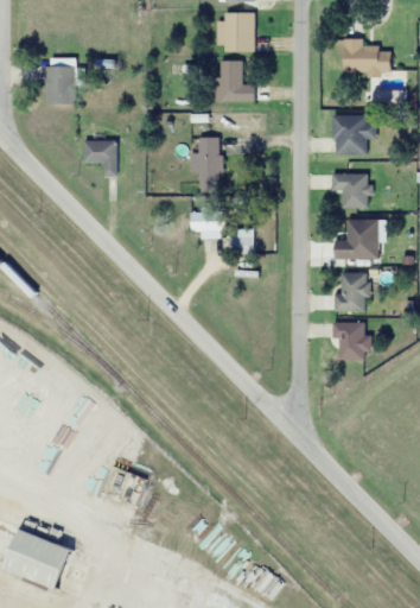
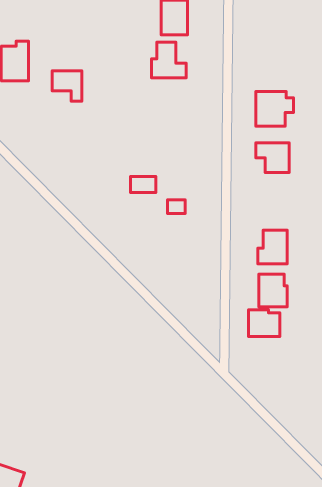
building: [343,38,392,72] -> none
building: [197,137,221,189] -> none
building: [83,140,116,175] -> [52,71,82,101]
building: [333,218,378,259] -> none
building: none -> [248,310,280,336]

